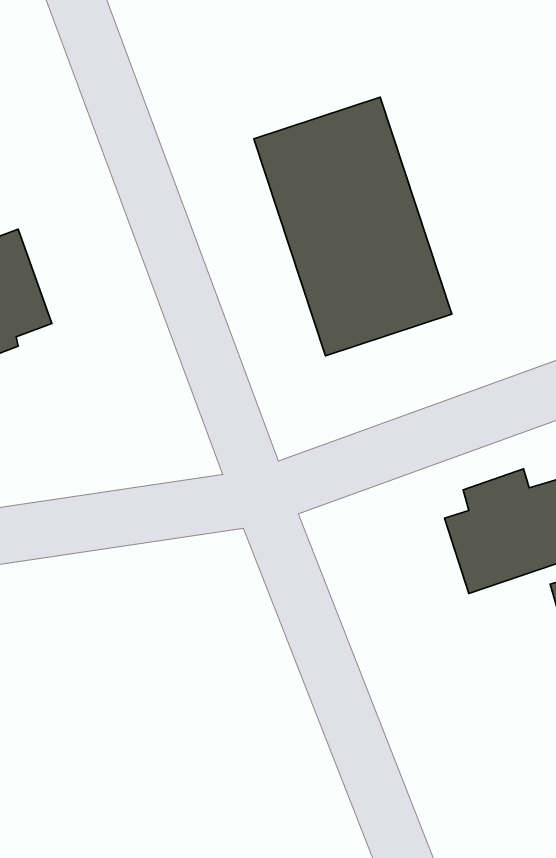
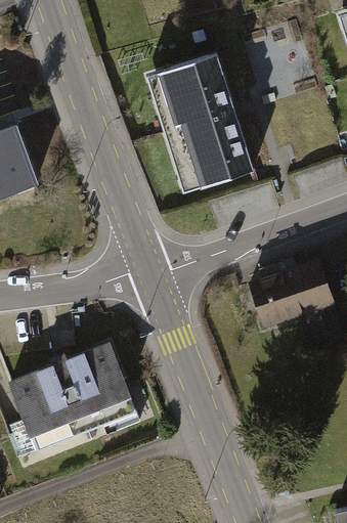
building: none -> [15,345,131,433]

